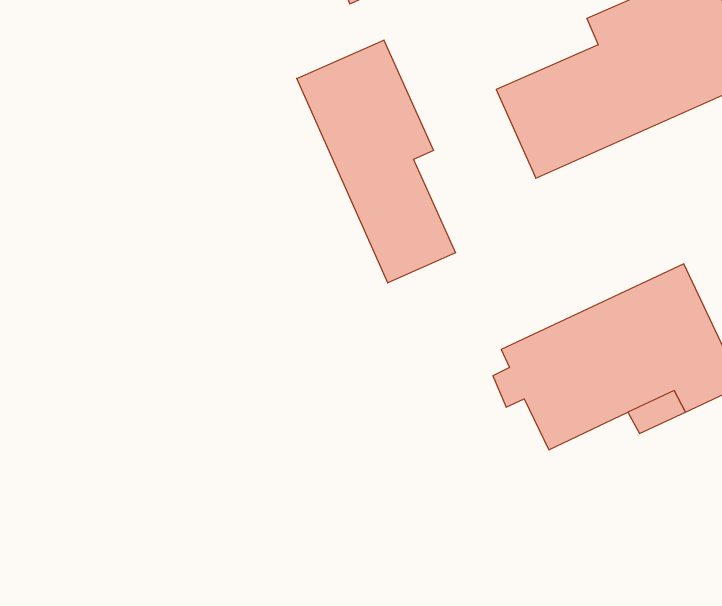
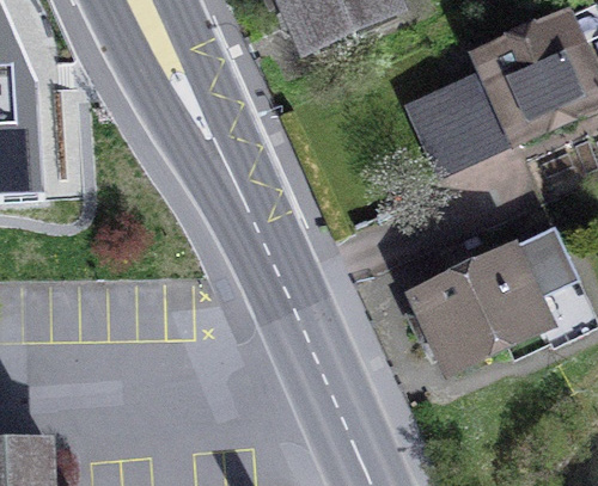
building: [297,40,456,283] -> none

